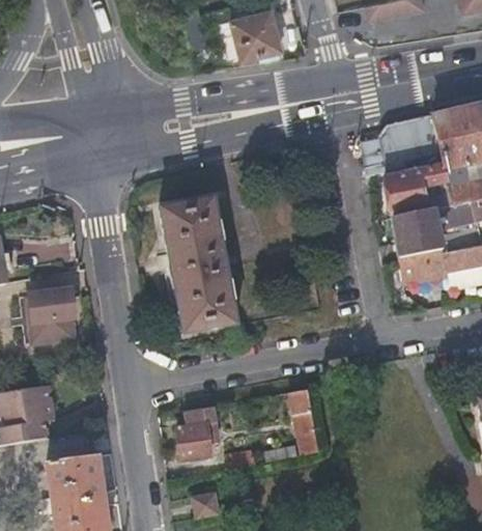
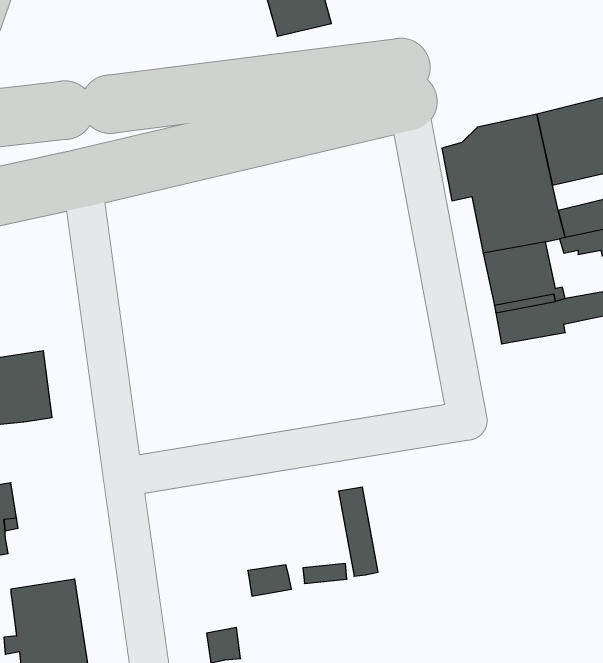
building: [160,197,235,333] -> none
building: [174,407,219,459] -> none

